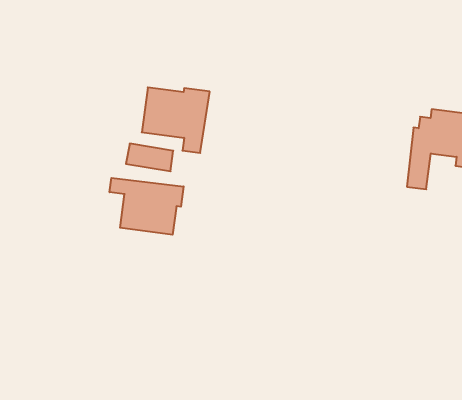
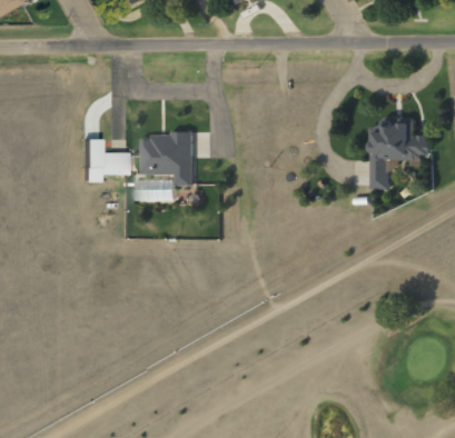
building: none -> [97,150,128,175]
building: [110,178,184,235] -> none

